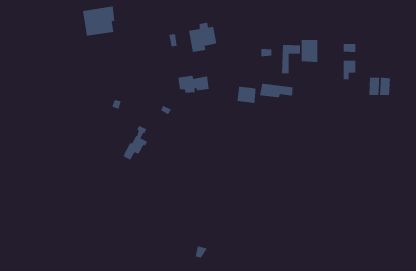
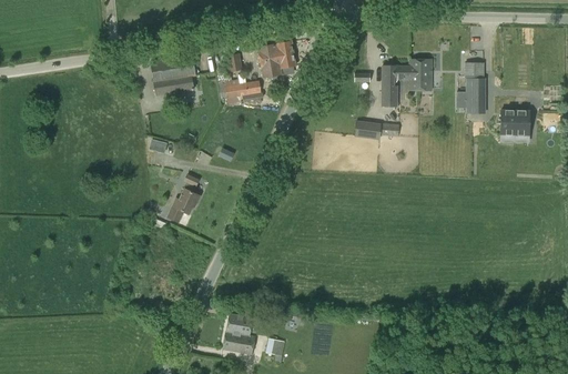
building: [82,6,115,36] -> [150,55,194,97]
building: [177,75,210,93] -> [217,80,261,104]
building: [237,86,256,104] -> none
building: none -> [223,314,255,355]

